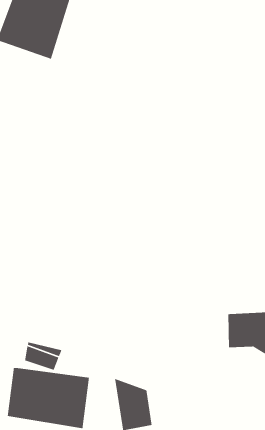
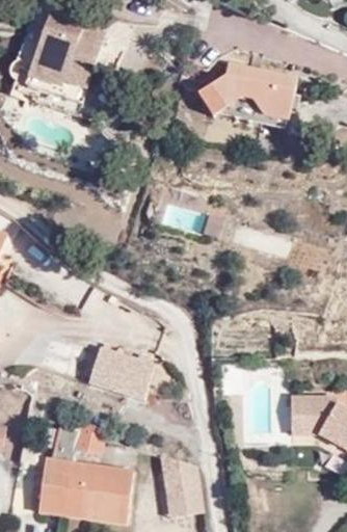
building: none -> [197,74,296,133]
building: none -> [89,342,156,399]

